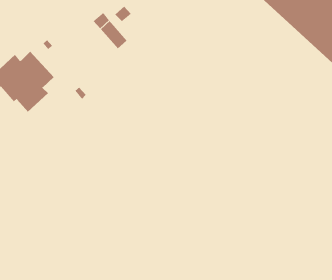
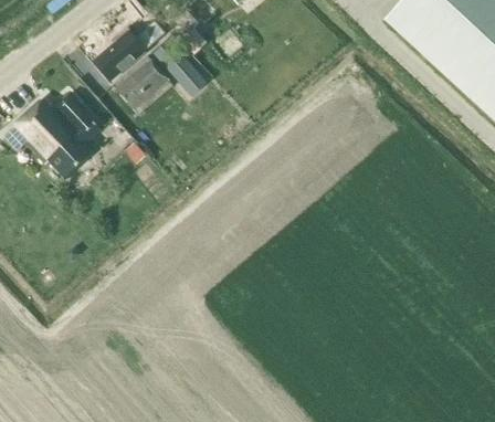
building: none -> [95,30,150,77]
building: none -> [113,54,172,113]

